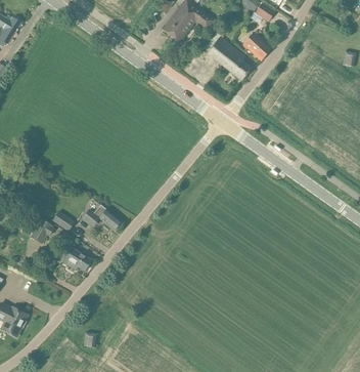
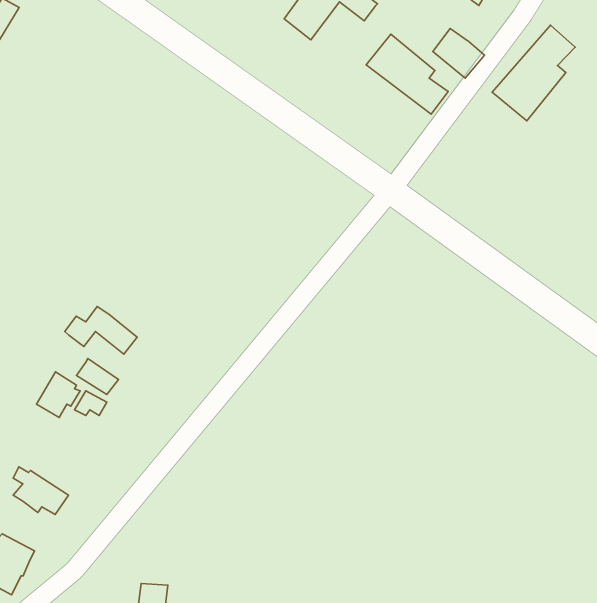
building: none -> [492,25,575,121]
building: [83,204,122,230] -> [65,307,137,354]
building: [62,244,92,270] -> [13,467,68,514]

